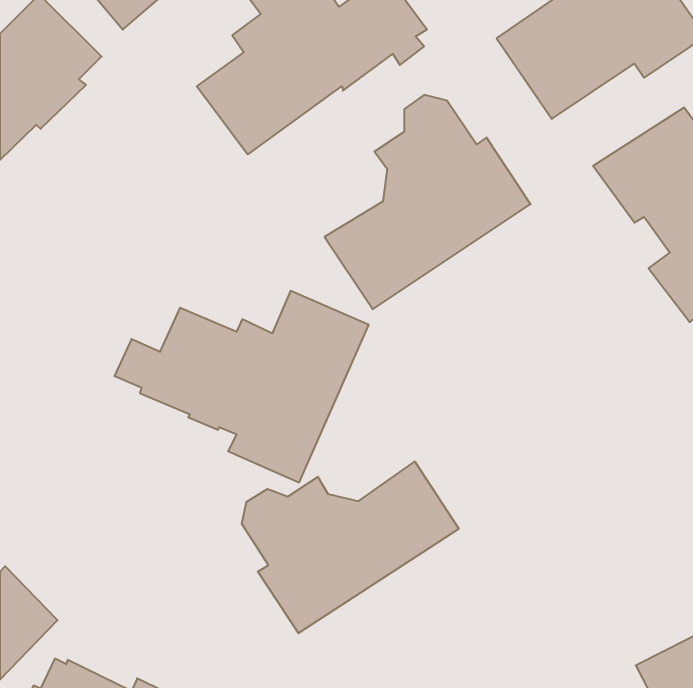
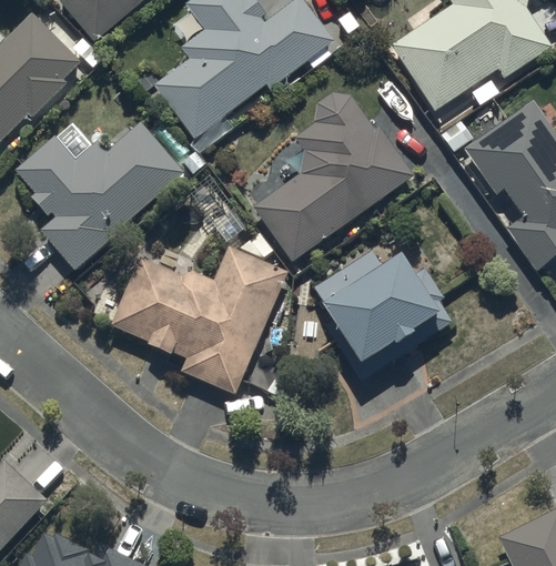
building: none -> [16,120,183,270]
building: none -> [313,250,451,378]
building: [242,461,459,633] -> none

